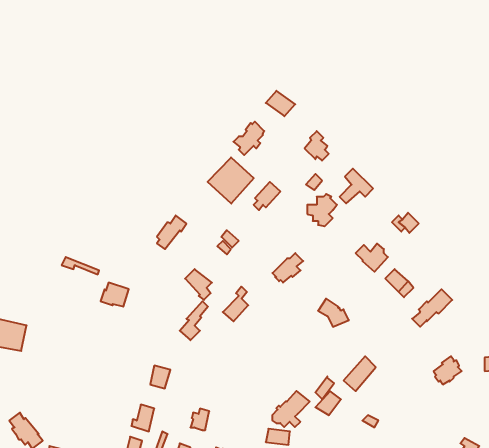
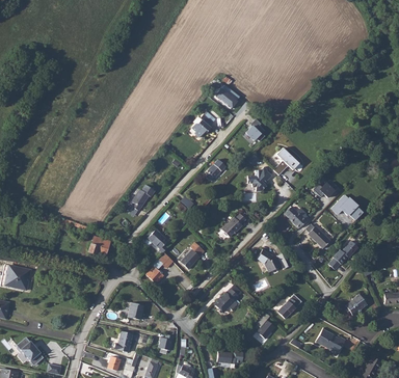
building: [208,157,254,204] -> none
building: none -> [330,194,363,220]
building: [272,391,310,427] -> [214,284,243,312]
building: none -> [315,328,347,352]

